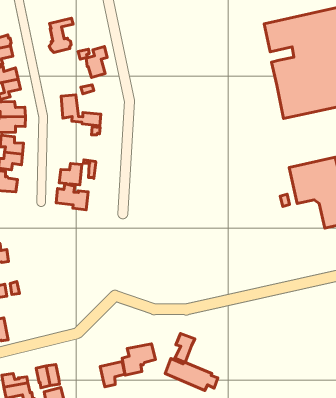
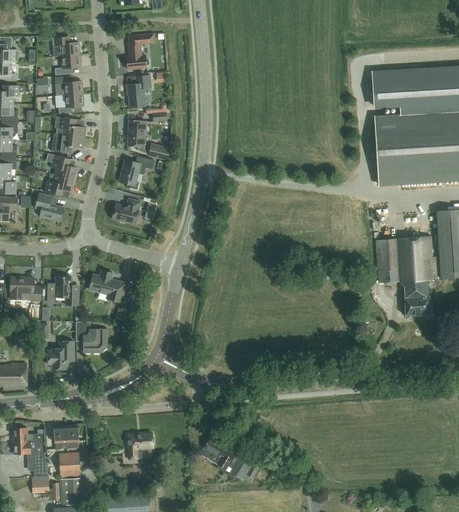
building: [86,46,107,77] -> [127,74,151,107]
building: none -> [119,155,155,189]
building: [56,184,88,210] -> [89,269,127,302]
building: none -> [47,275,79,305]
building: none -> [76,321,107,352]
building: none -> [48,340,74,369]
building: [175,333,195,362] -> none
building: [122,344,156,375] -> none

